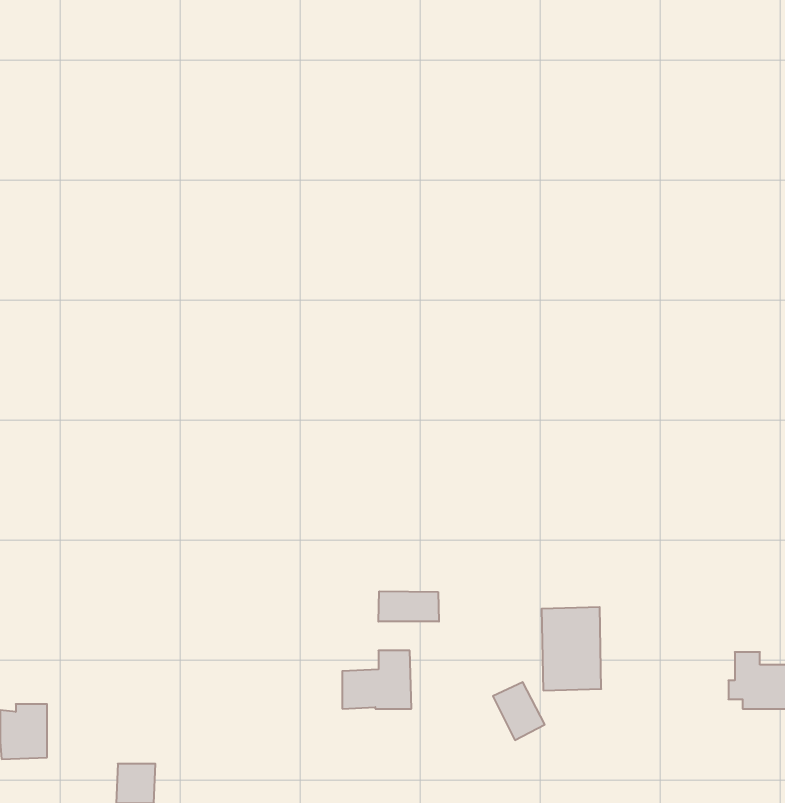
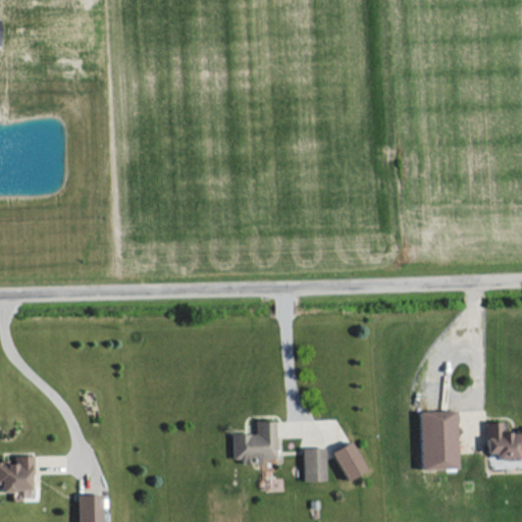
building: [378,591,439,622] -> none
building: [542,607,601,690] -> [419,416,458,470]
building: none -> [304,449,327,482]

